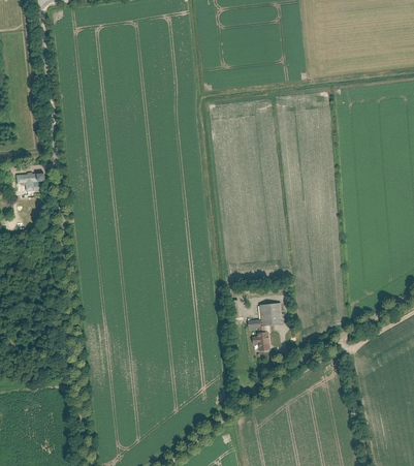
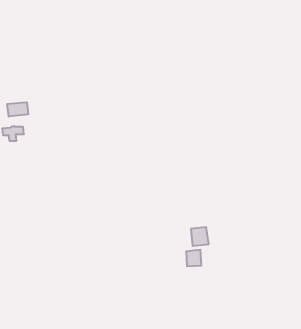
building: none -> [7,102,28,117]

